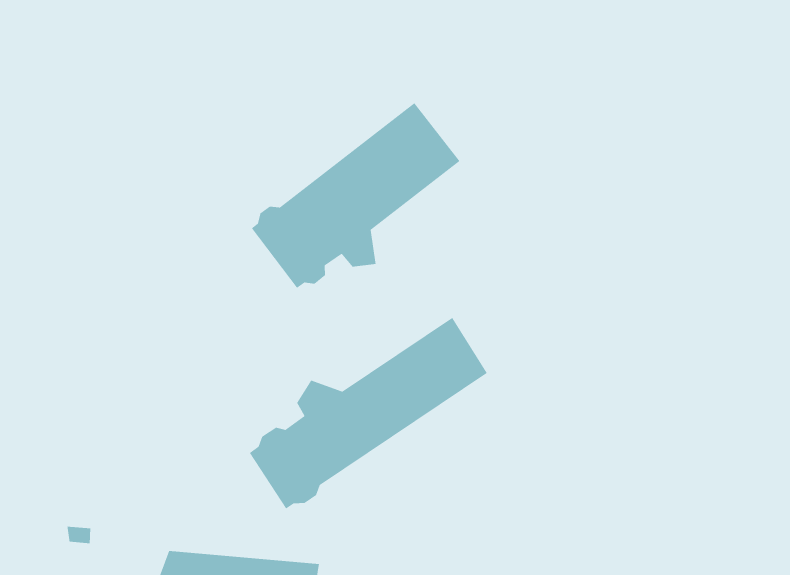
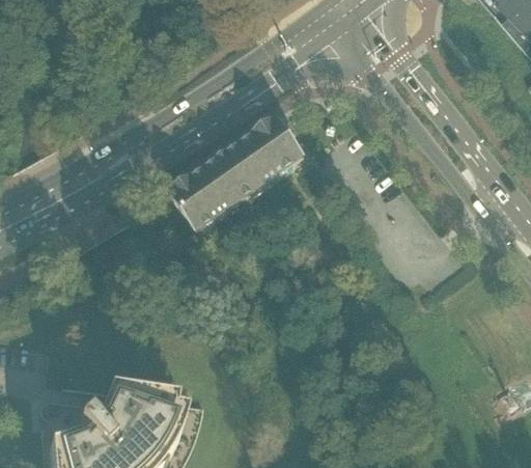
building: [249,317,488,509] -> none

